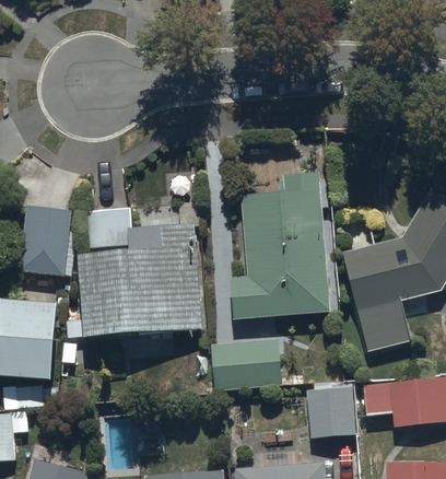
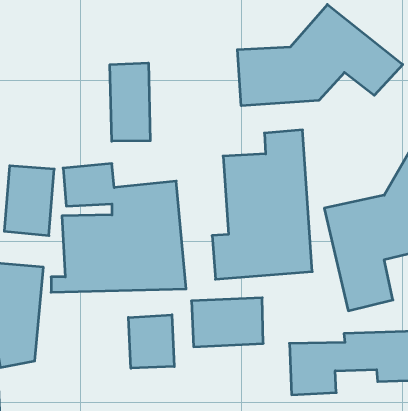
building: none -> [237,4,403,106]
building: none -> [110,63,150,141]
building: none -> [128,315,174,368]

